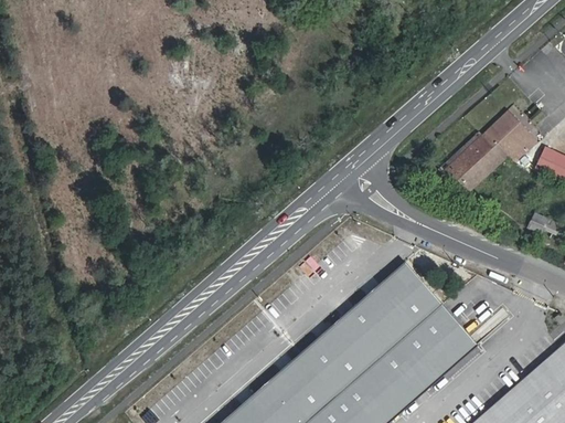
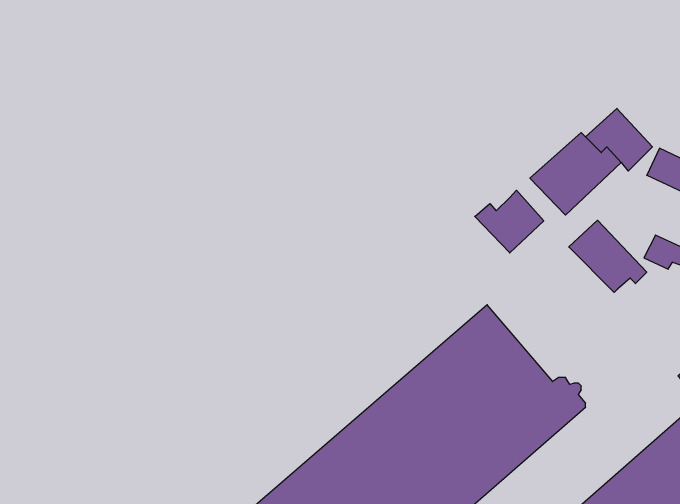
building: none -> [475,190,544,253]
building: none -> [569,220,647,292]

